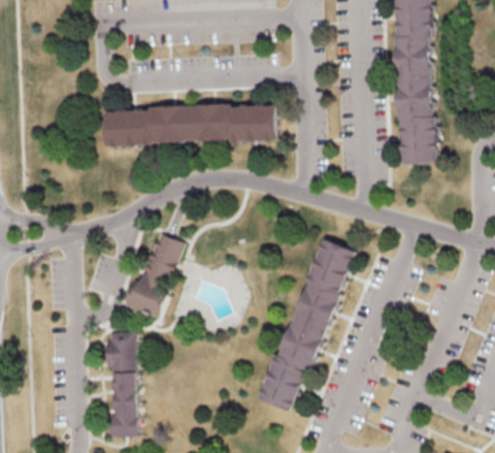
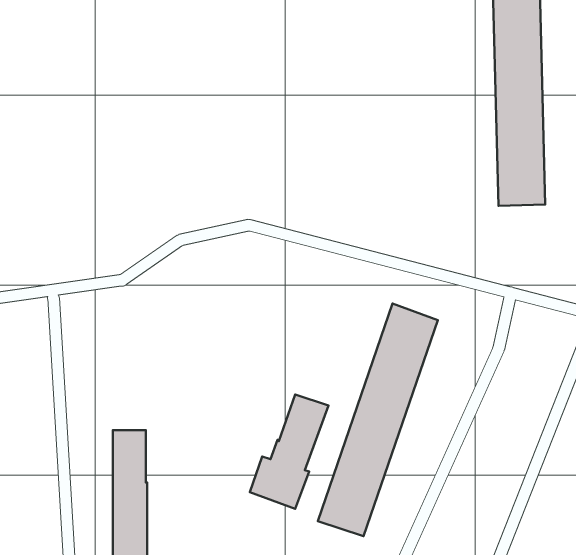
building: [103,104,276,147] -> none
building: [126,233,185,319] -> [250,395,328,509]

